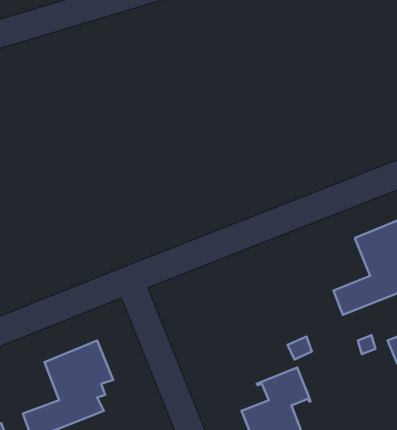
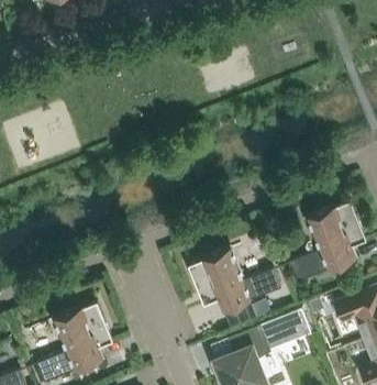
building: none -> [188,250,281,311]
building: none -> [260,309,310,349]

